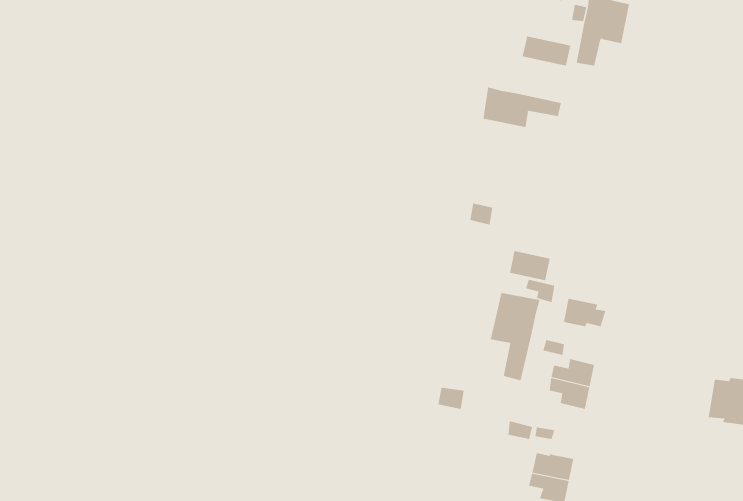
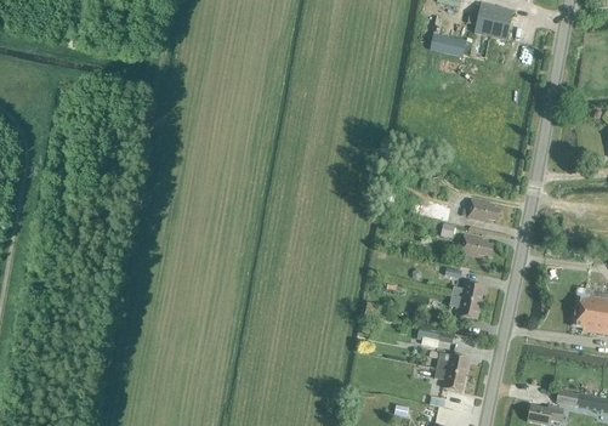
building: [483,87,562,128] -> none
building: none -> [462,199,501,221]
building: [490,292,540,381] -> none

